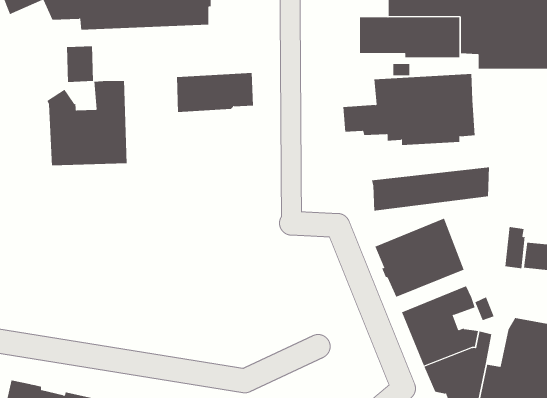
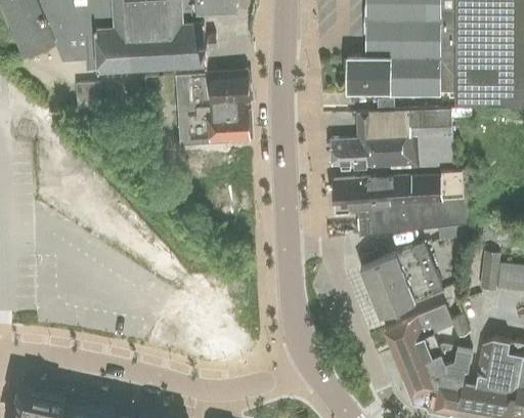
building: none -> [174,71,248,113]
building: [47,80,127,166] -> none
building: none -> [333,168,468,215]

